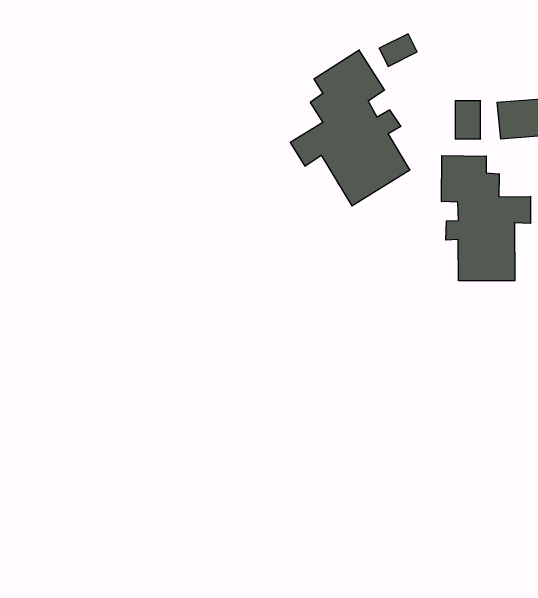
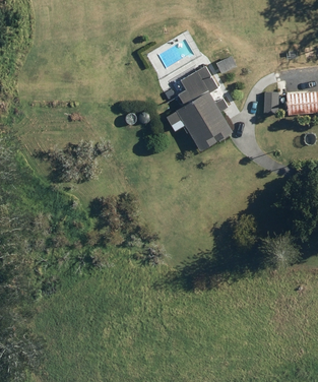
building: [442,156,530,281] -> none

